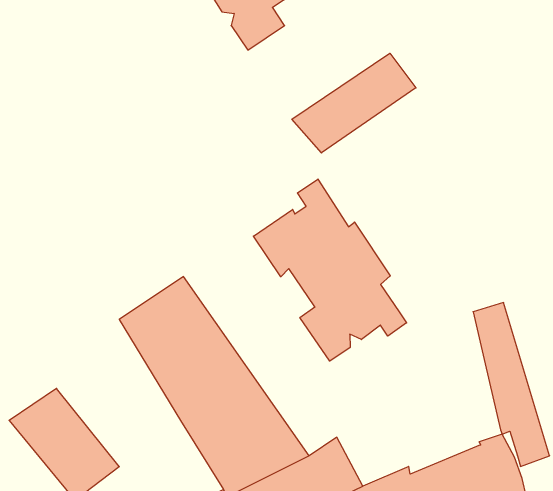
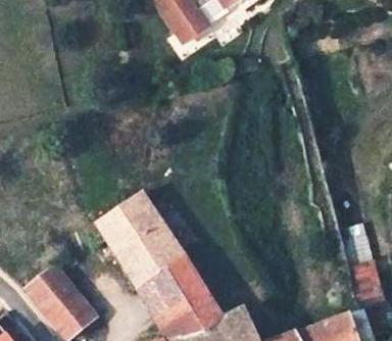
building: [292,53,416,153] -> none
building: [253,179,407,361] -> none

